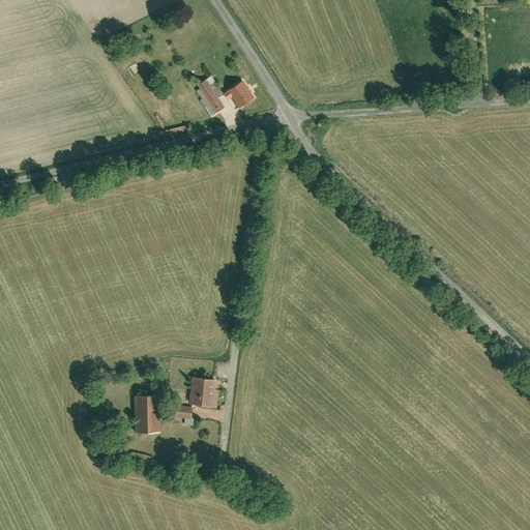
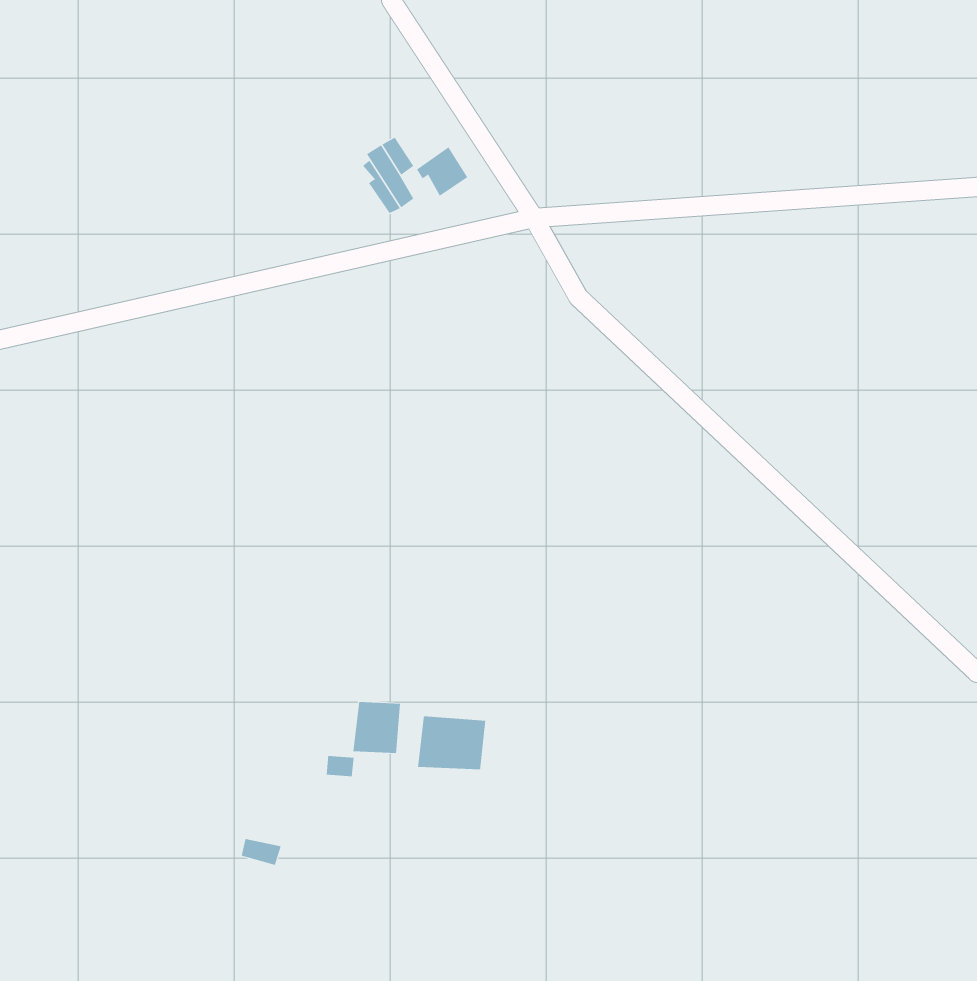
building: none -> [418,716,486,770]
building: [135,396,159,433] -> none

